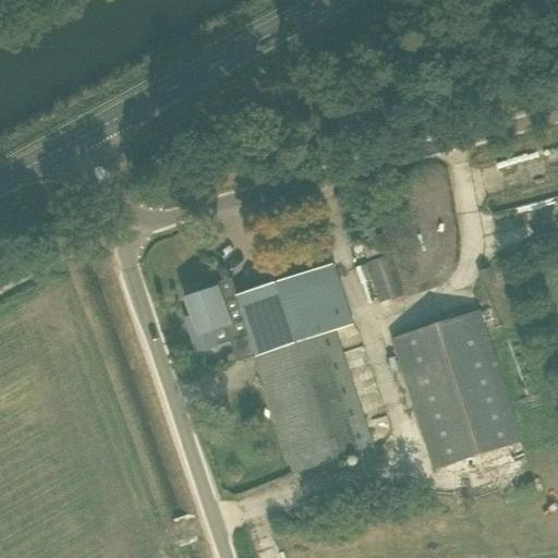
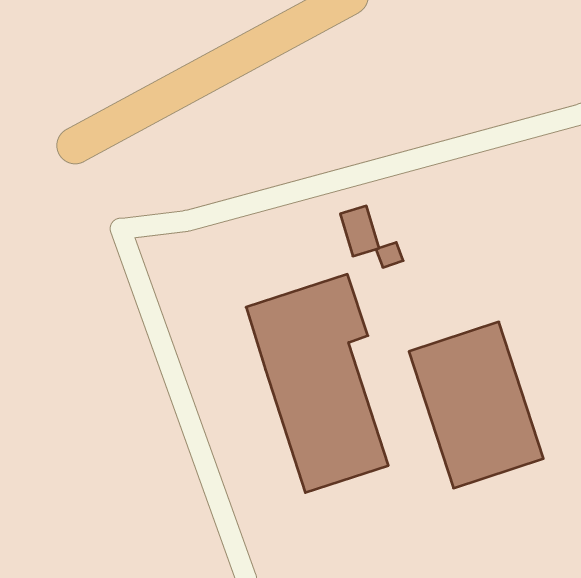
building: [367,254,404,302] -> [340,206,379,256]
building: [185,276,255,360] -> none

